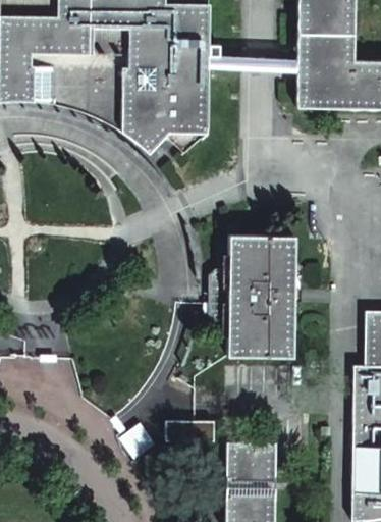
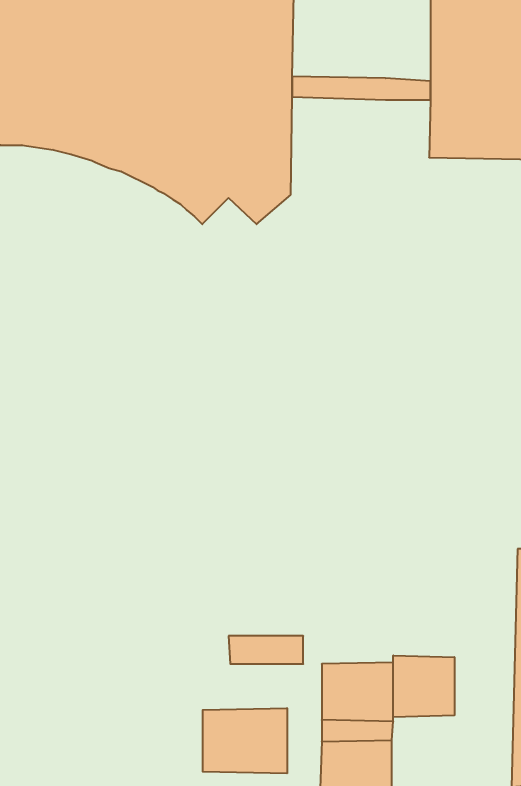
building: [210,233,294,355] -> none
building: none -> [393,655,454,717]
building: none -> [203,708,287,773]

